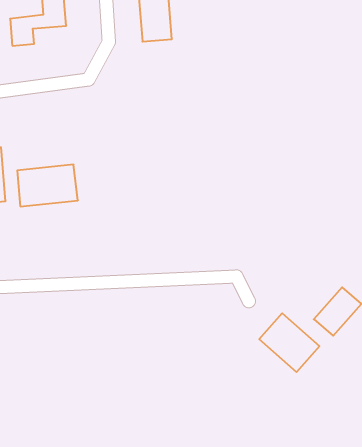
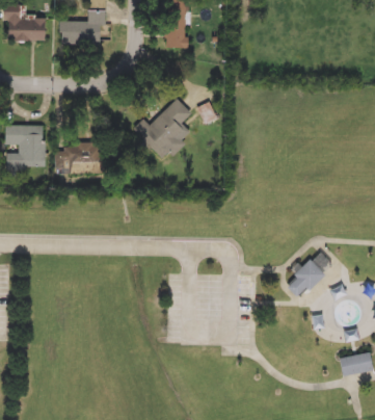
building: none -> [133,98,192,161]
building: [259,313,319,372] -> none

